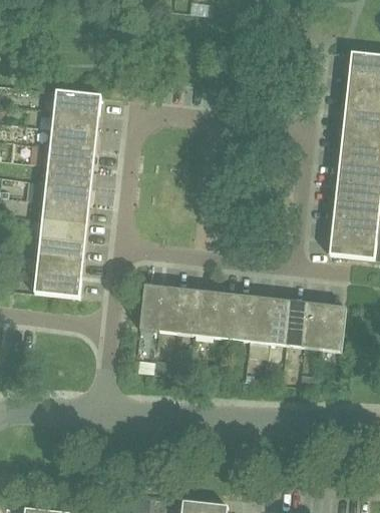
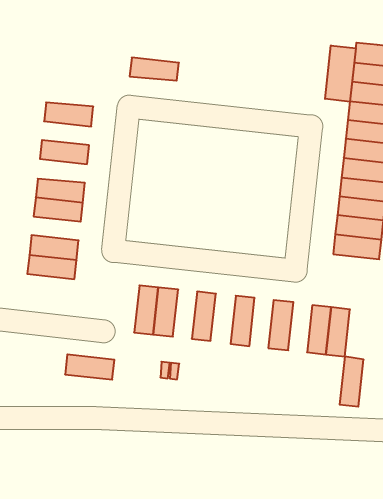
building: none -> [325,45,356,102]
building: [53,89,100,111] -> [130,58,179,81]
building: [49,125,96,148] -> none
building: [45,161,92,184] -> none
building: [39,216,86,239] -> none
building: [33,272,80,296] -> [65,354,114,380]
building: [174,287,198,334] -> none
building: [211,291,235,339] -> none
building: [248,295,271,343] -> none
building: [285,299,308,347] -> [340,356,364,407]

